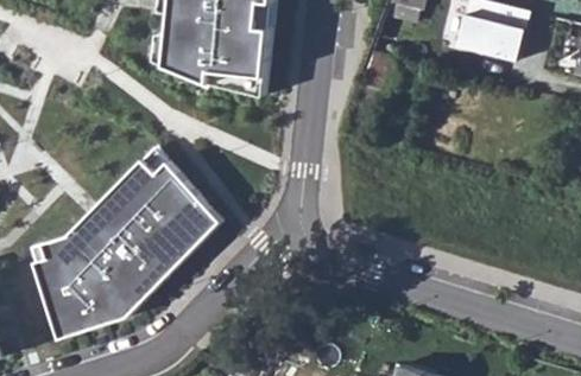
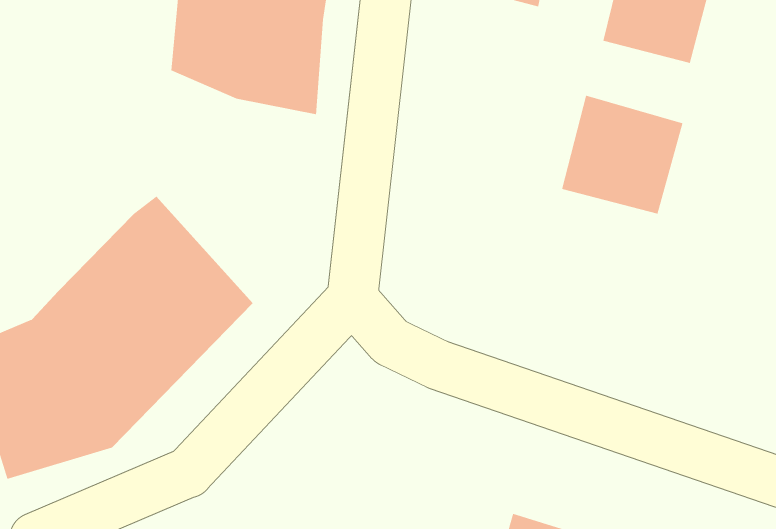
building: none -> [561,95,683,215]

